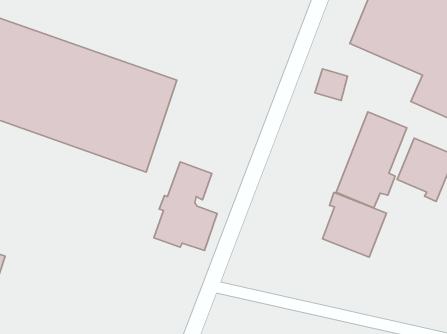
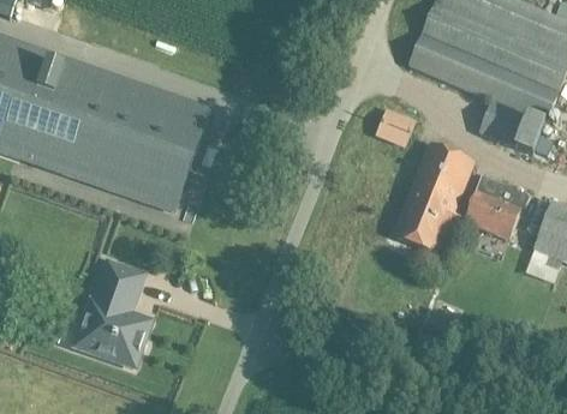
building: [154,162,217,250] -> [78,263,150,364]
building: [323,193,386,257] -> none

